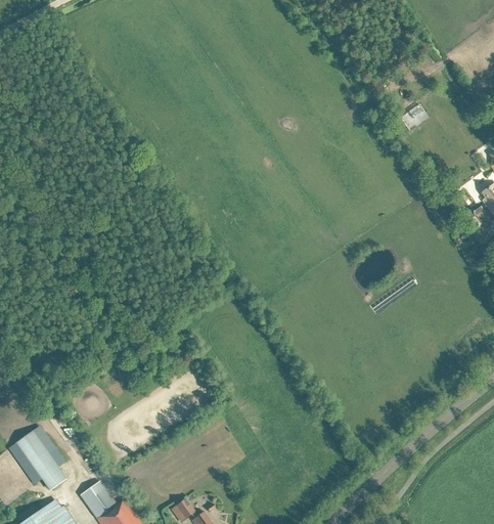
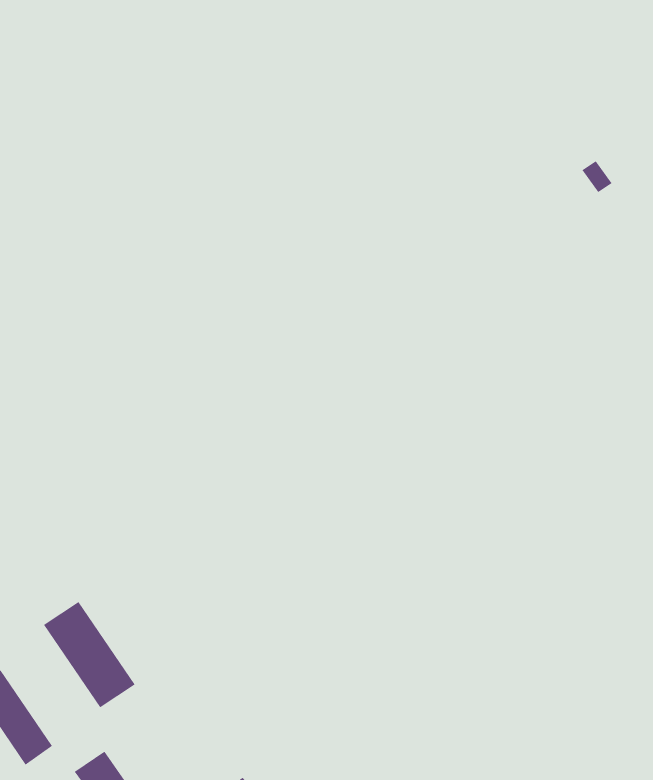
building: none -> [43,601,136,708]

